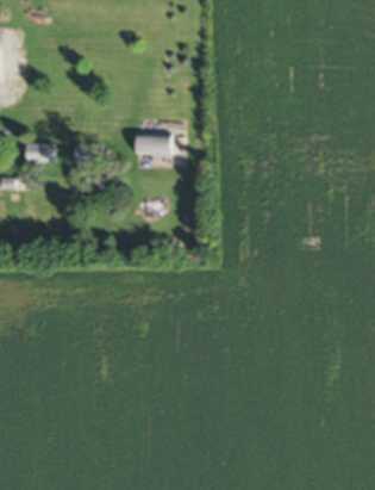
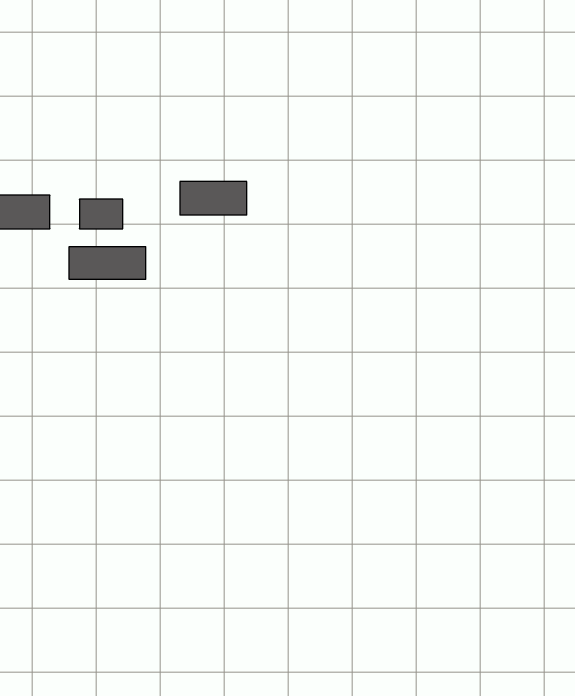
building: none -> [69,247,146,279]

